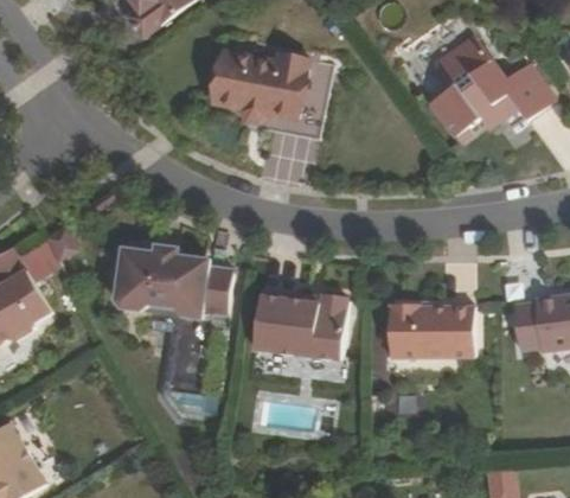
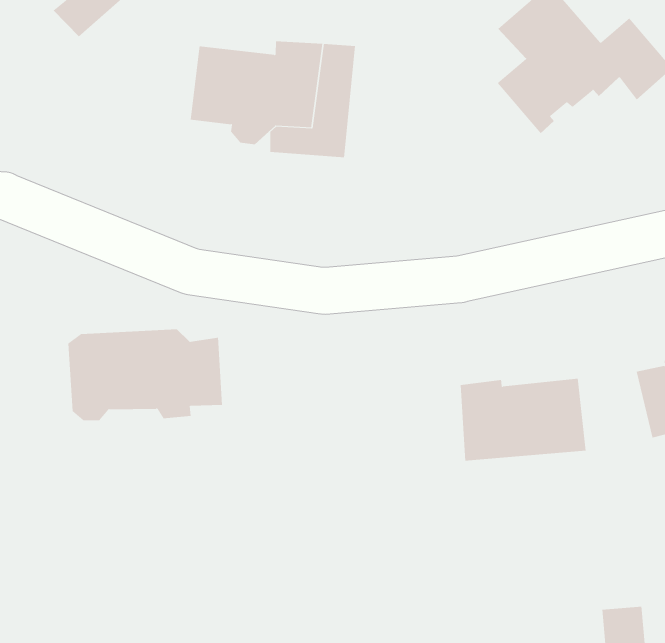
building: [252,289,350,358] -> none

